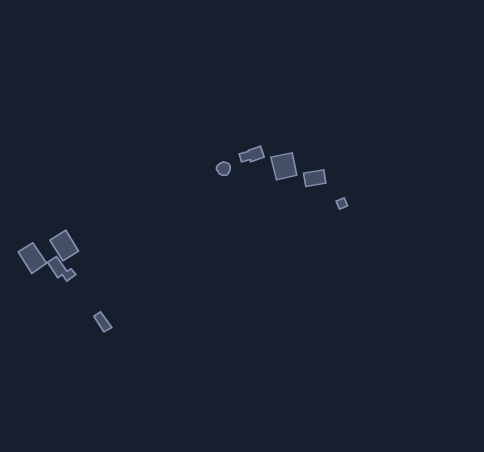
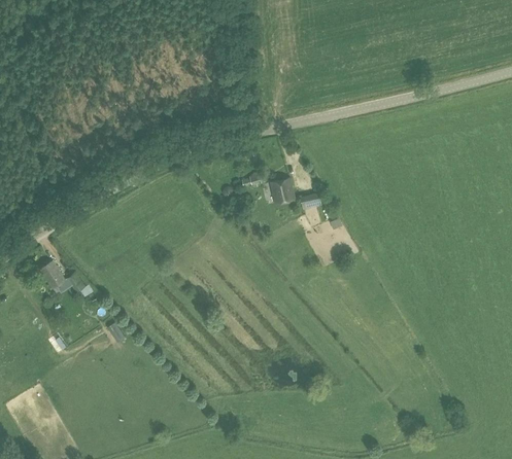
building: [50,230,78,261] -> none

